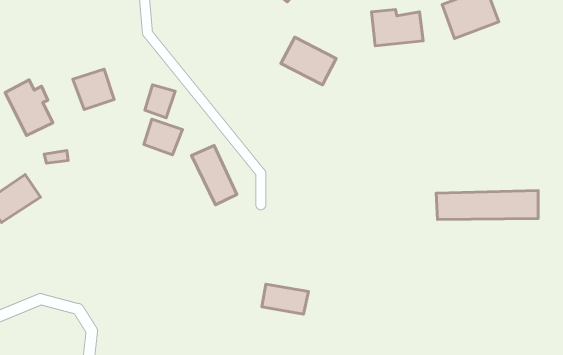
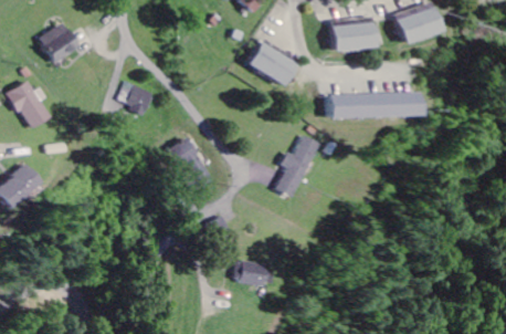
building: [73,69,114,109] -> [44,25,81,61]
building: [144,119,182,155] -> none
building: none -> [275,136,319,198]
building: [436,191,538,220] -> [325,93,414,118]

